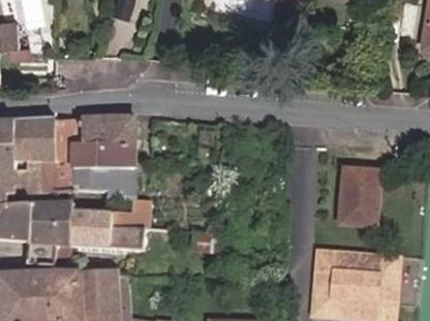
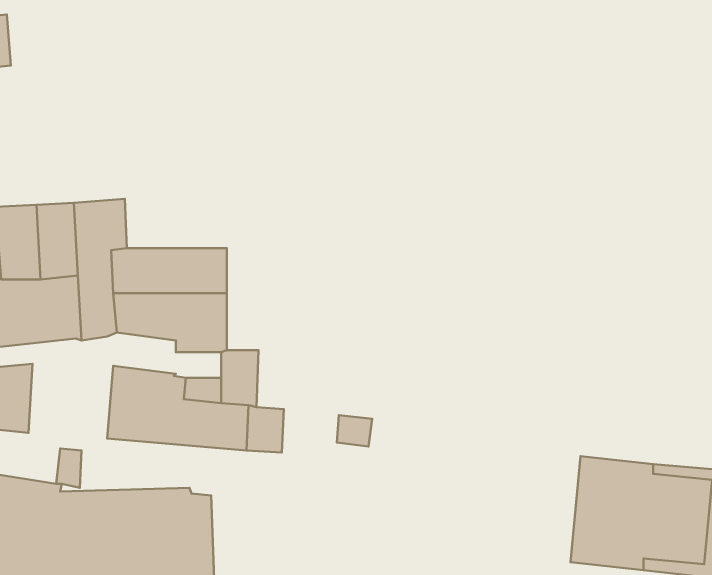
building: [80,119,134,146] -> none
building: [340,172,379,228] -> none
building: [29,204,73,246] -> none

